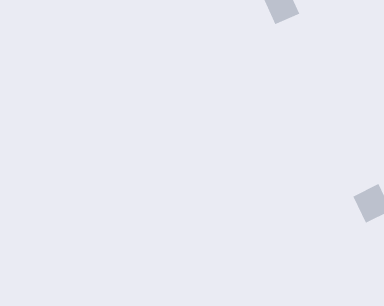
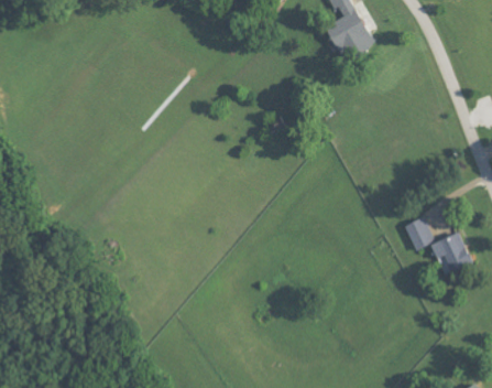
building: none -> [403,216,433,250]

